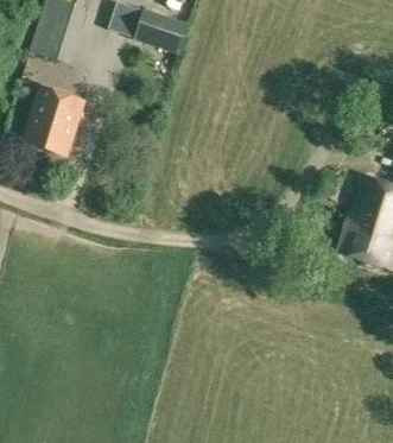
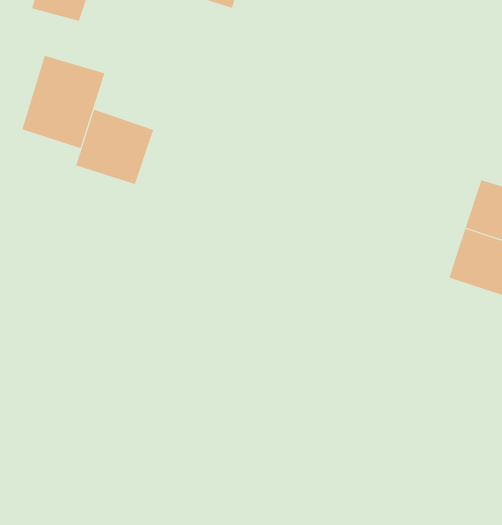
building: none -> [76,109,154,185]

